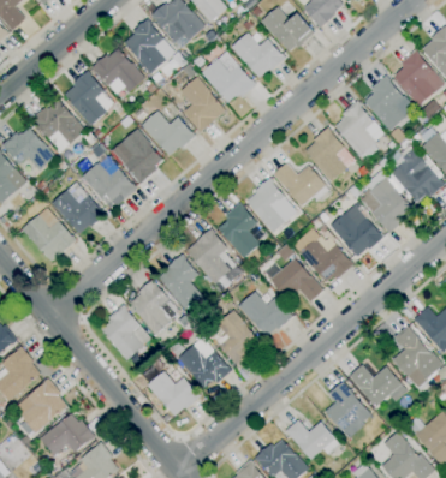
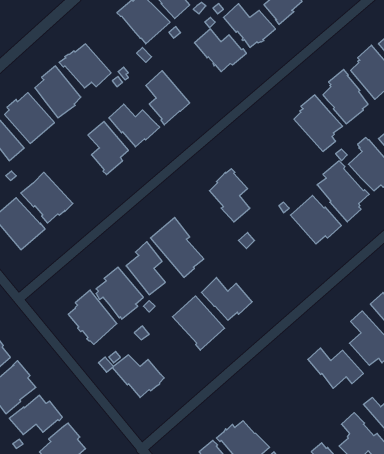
building: [125,20,168,74] -> none
building: [202,60,256,103] -> none
building: [305,127,349,183] -> none
building: [81,160,137,210] -> none
building: [274,163,331,208] -> none
building: [219,203,261,259] -> none
building: [299,239,355,282] -> none
building: [270,258,323,303] -> none
building: [178,339,232,389] -> none
building: [326,382,371,432] -> none
building: [286,420,340,460] -> none

